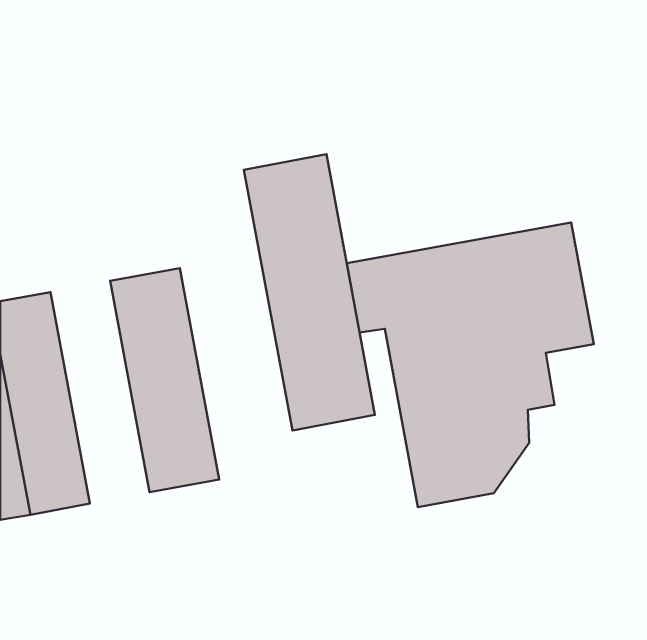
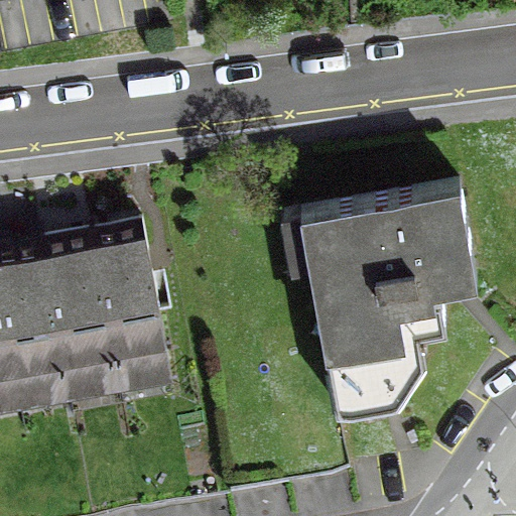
building: [244,154,375,430] -> none
building: none -> [40,229,119,406]

